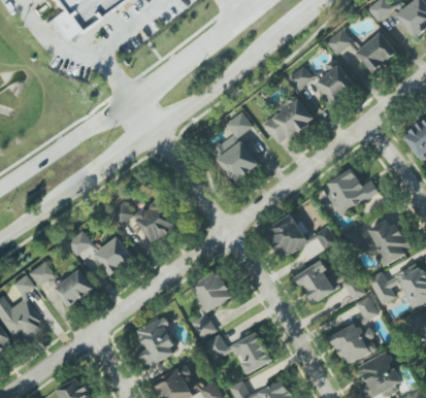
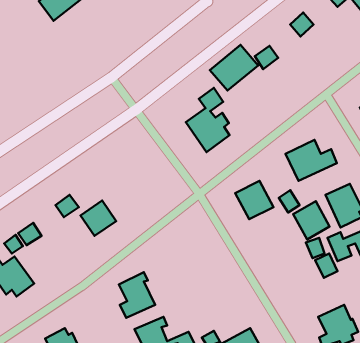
building: [356,33,398,73] -> none
building: [315,65,356,106] -> none
building: [261,96,315,146] -> [210,45,258,91]
building: [112,201,176,243] -> none
building: [296,262,336,304] -> [293,201,330,239]
building: [55,269,94,307] -> none
building: [192,271,233,340] -> none
building: [332,325,379,365] -> none
building: [206,333,272,374] -> none

